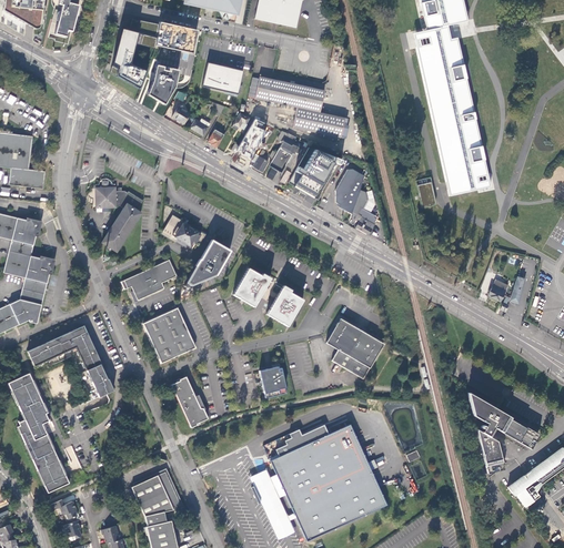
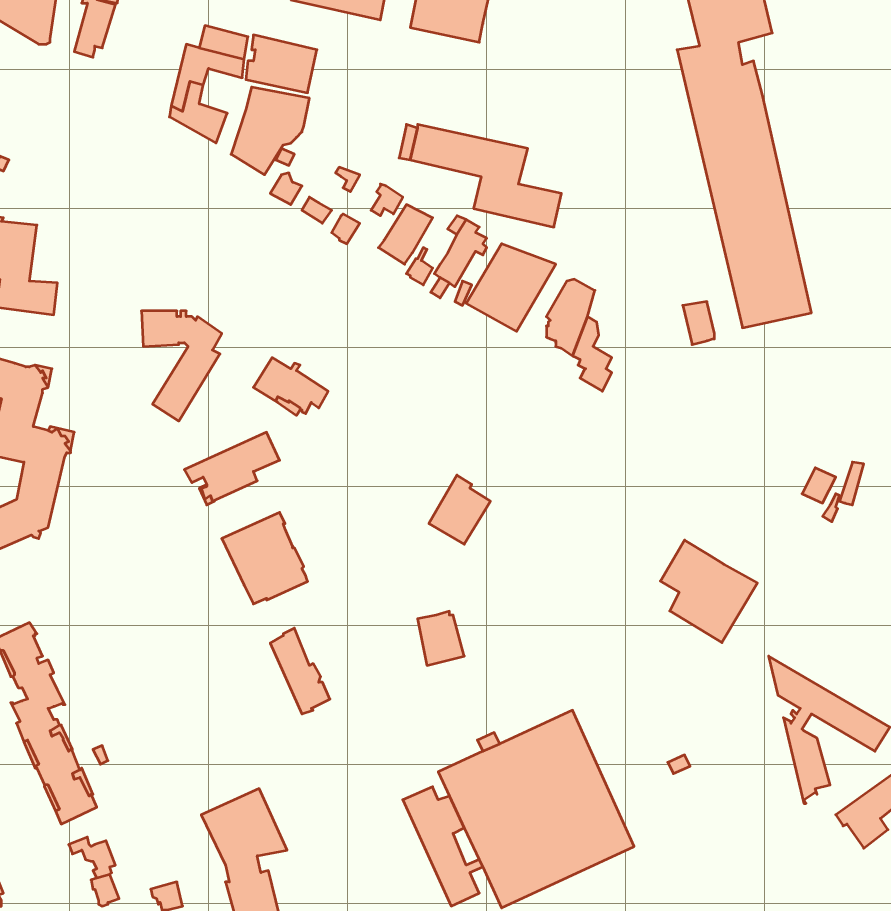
building: [202,62,242,93] -> none
building: [185,239,230,284] -> none
building: [232,267,270,306] -> none
building: [325,317,383,378] -> [660,540,757,643]
building: [26,323,113,395] -> none

